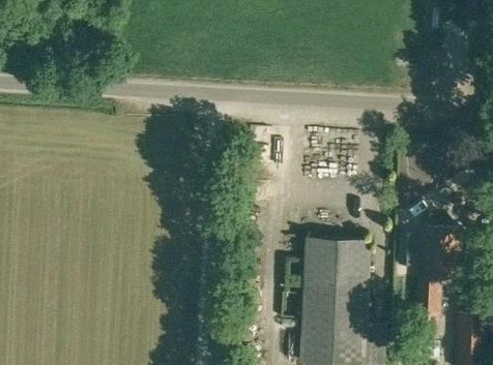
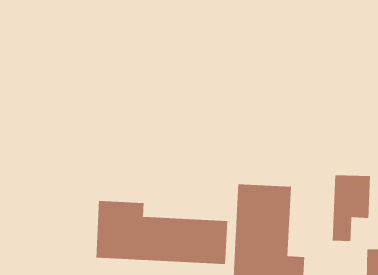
building: none -> [96,200,228,265]

